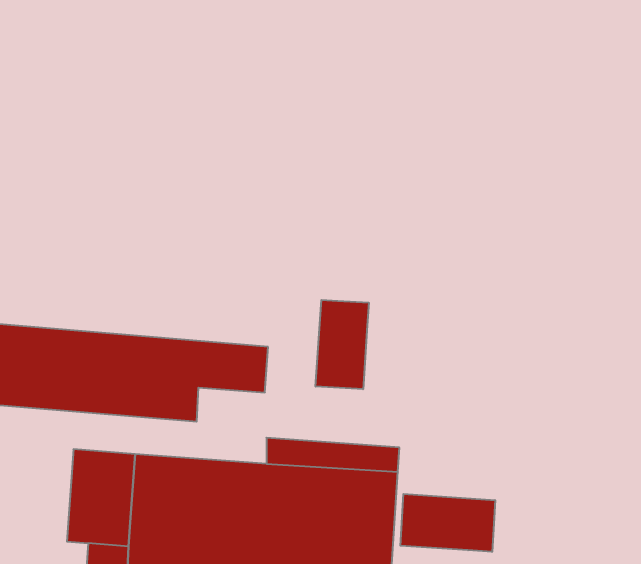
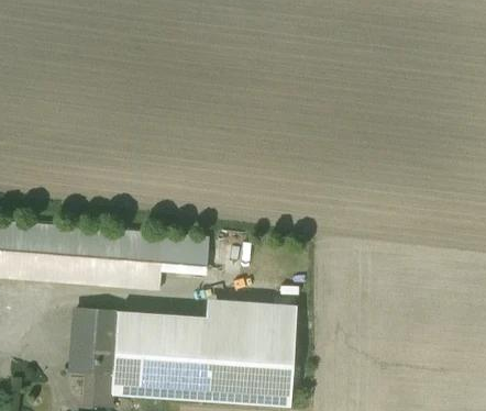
building: [316,300,369,389] -> none
building: [400,494,495,552] -> none

